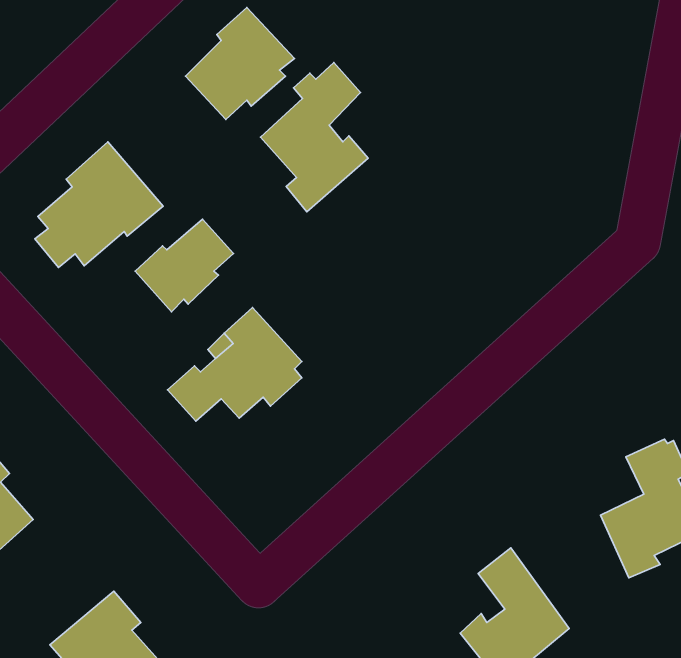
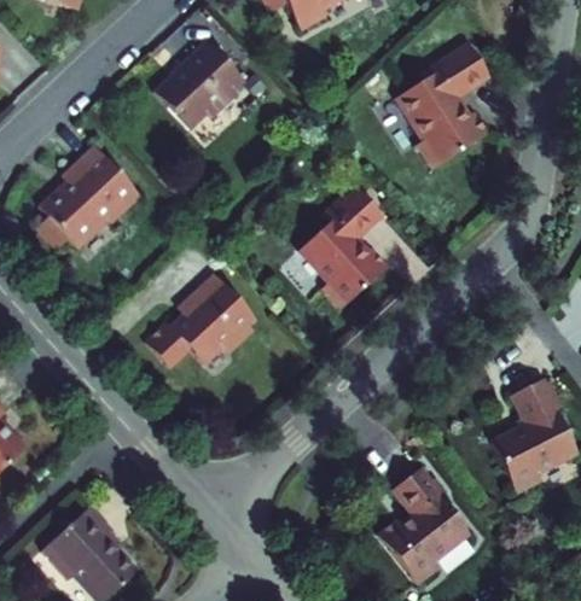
building: none -> [395,41,488,169]
building: [261,63,368,212] -> [297,191,384,311]
building: [135,219,233,312] -> none

